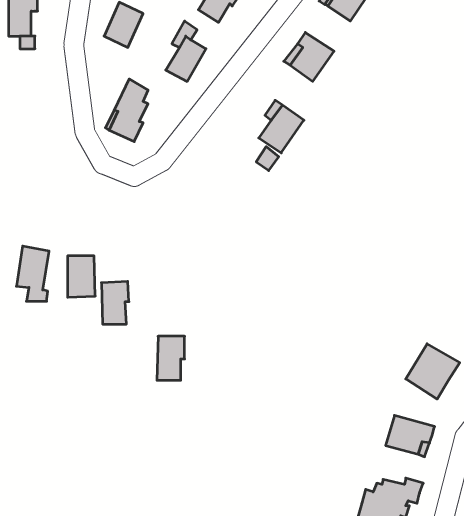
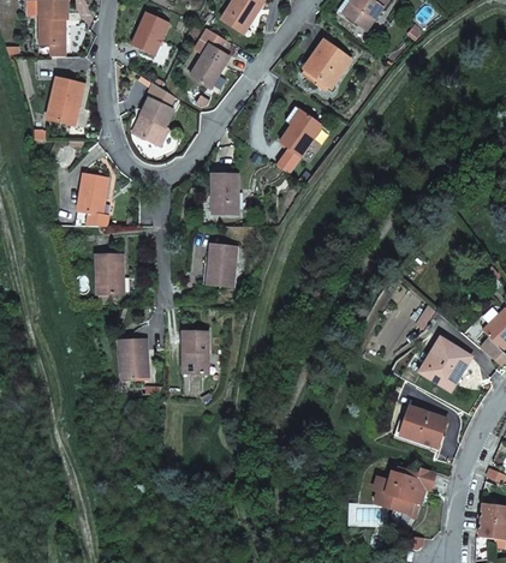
building: none -> [47,77,84,125]
building: none -> [212,174,238,214]
building: none -> [207,244,237,287]
building: [16,246,49,301] -> [77,173,108,226]
building: [101,281,129,324] -> [120,339,147,379]

